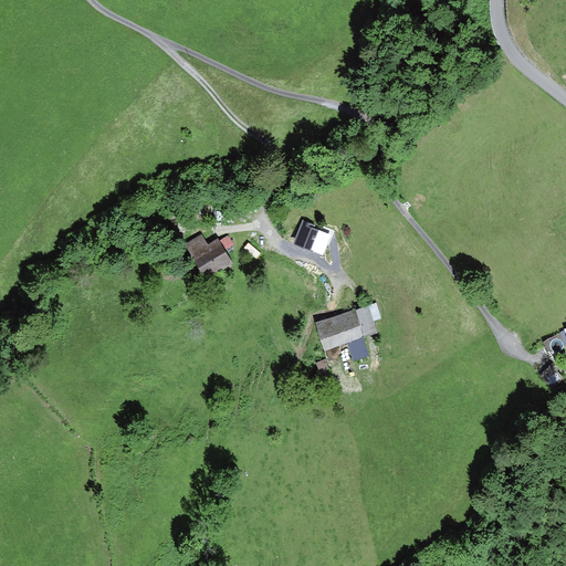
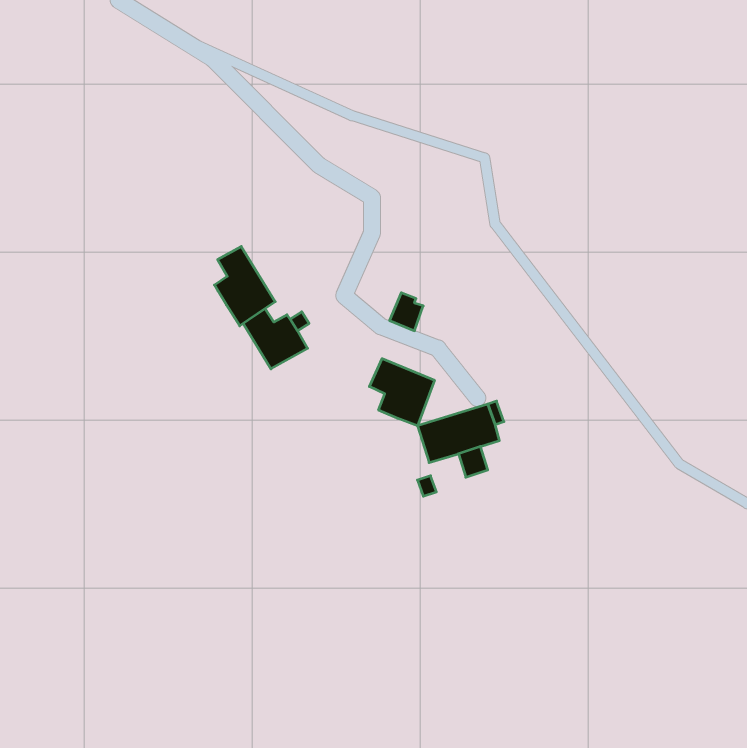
building: none -> [214,246,275,326]
building: none -> [369,359,434,426]

